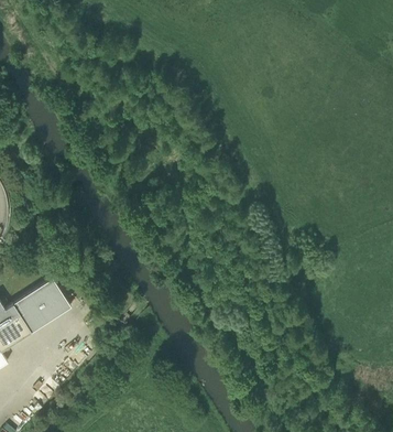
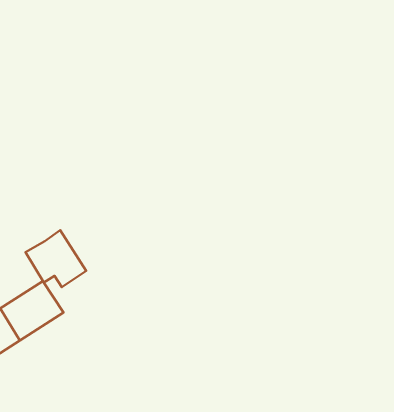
building: none -> [26,230,86,287]

